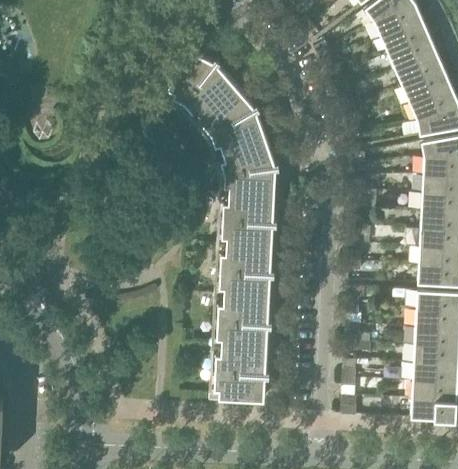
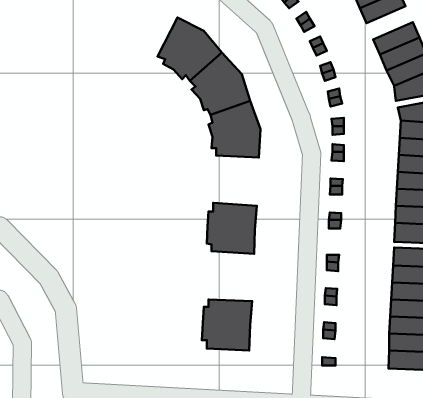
building: [388,38,437,73] -> none
building: [222,196,274,249] -> none
building: [217,297,269,350] -> none

